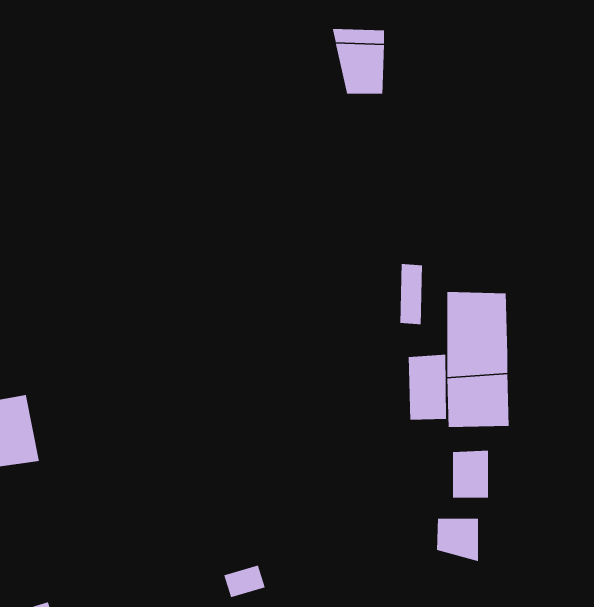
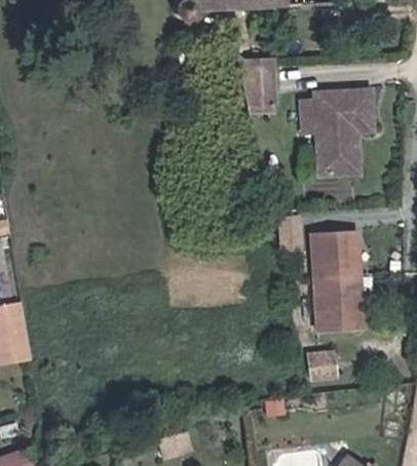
building: none -> [301,91,368,179]
building: [408,354,447,421] -> none
building: [436,518,479,562] -> none

